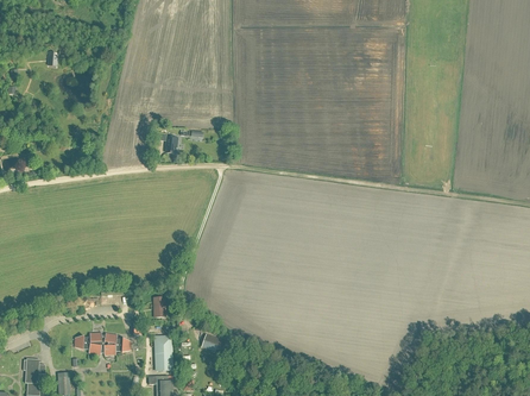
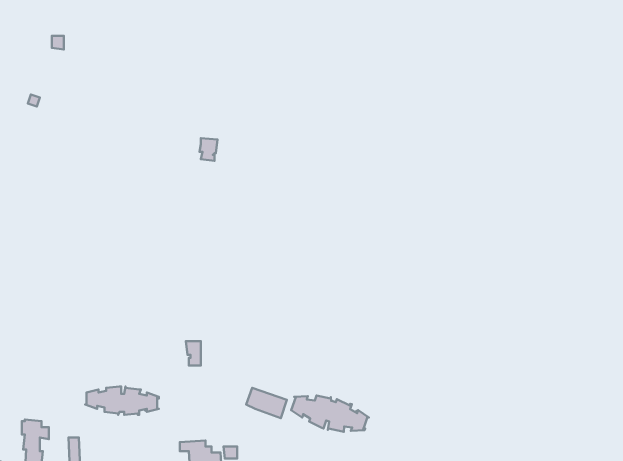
building: [152,334,172,370] -> none
building: none -> [291,396,369,432]

